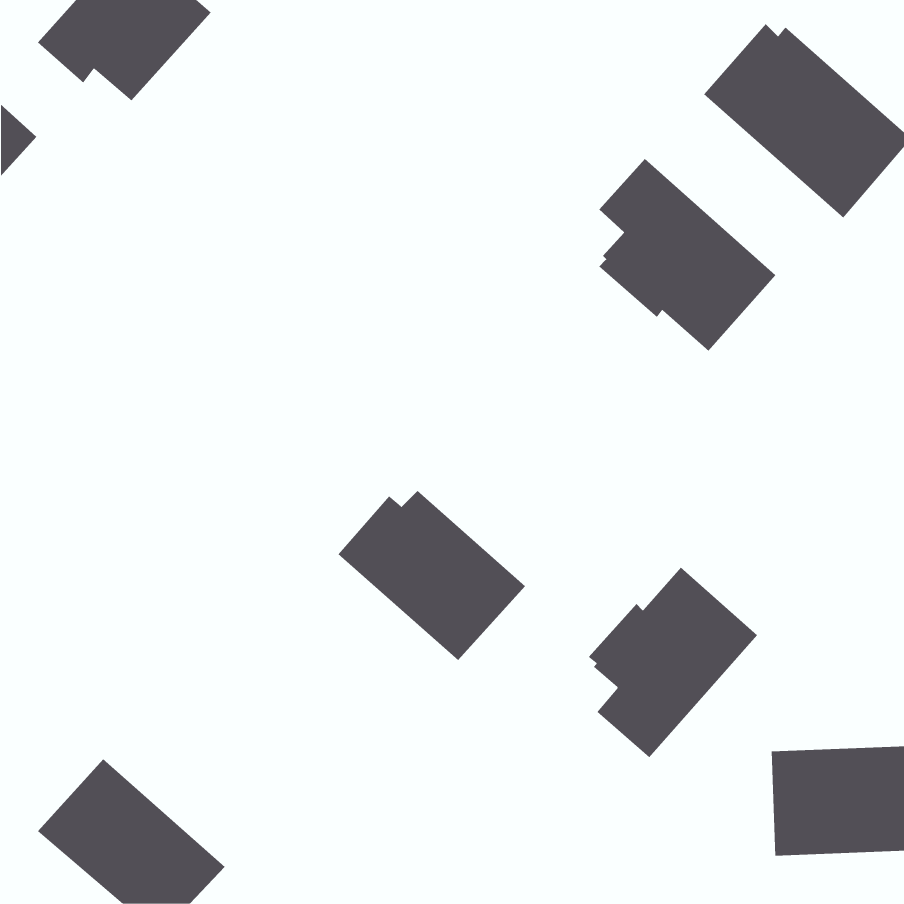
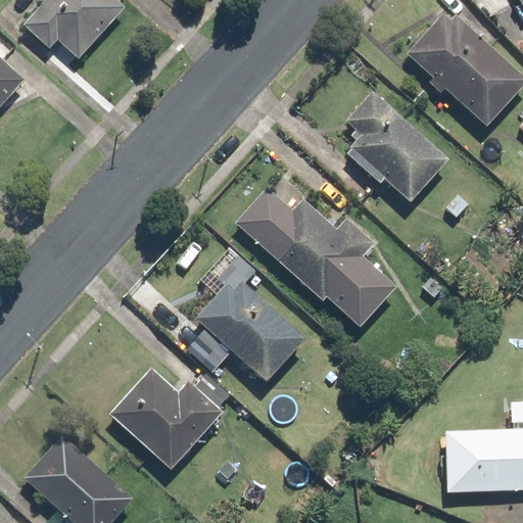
building: none -> [234,187,396,327]
building: [588,567,758,758] -> none
building: none -> [109,369,222,468]

